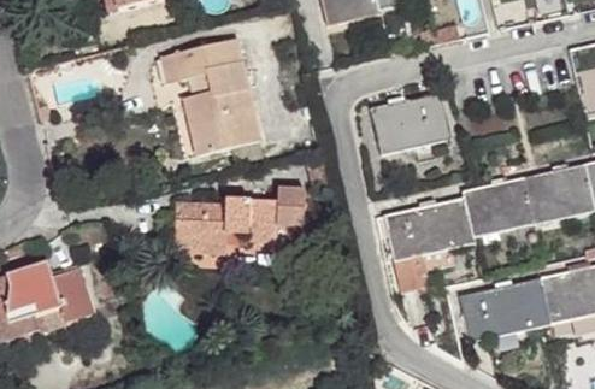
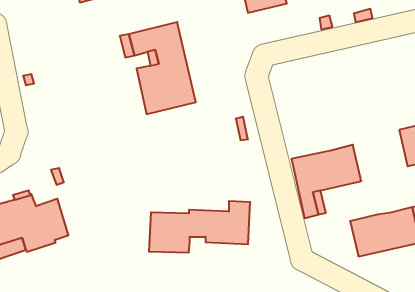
building: [370,93,450,154] -> none
building: [461,177,534,237] -> none
building: [172,188,304,254] -> [149,201,250,252]

